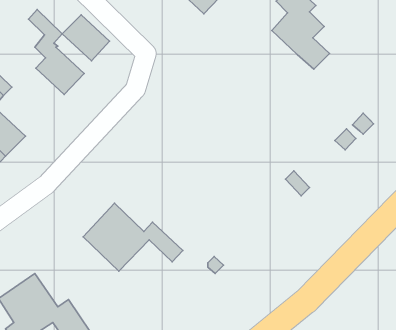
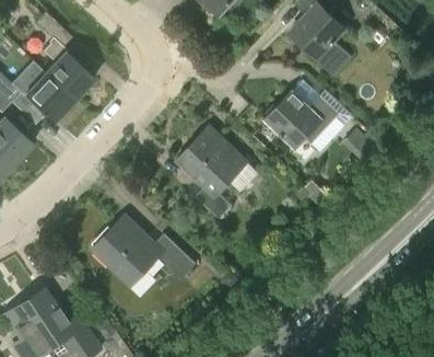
building: [62,15,109,61] -> [24,73,73,122]
building: none -> [266,91,340,147]
building: none -> [177,126,247,218]

